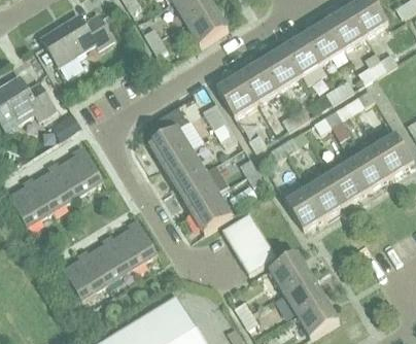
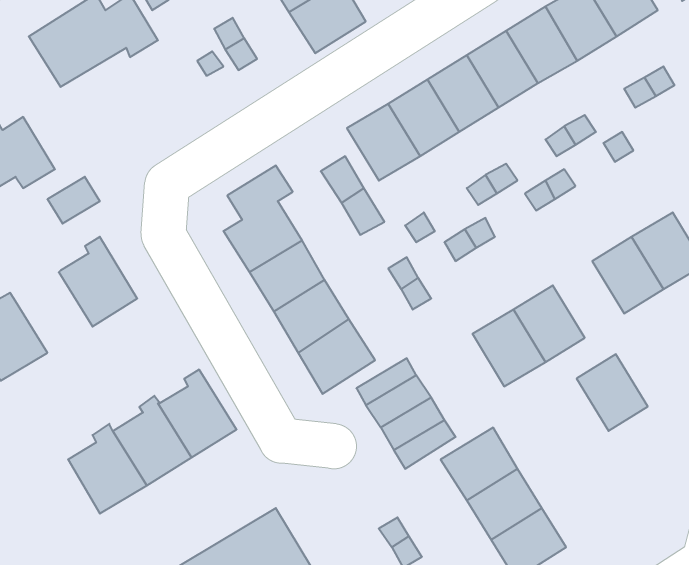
building: [330,160,369,202] -> [577,354,648,431]
building: [33,161,76,210] -> none

